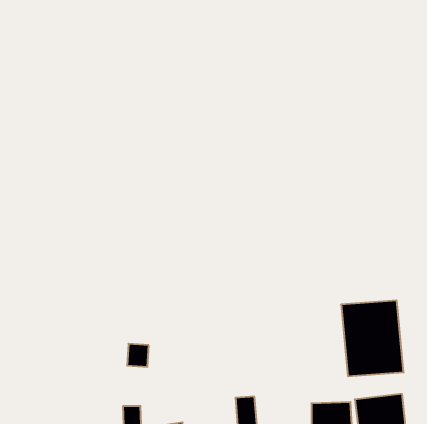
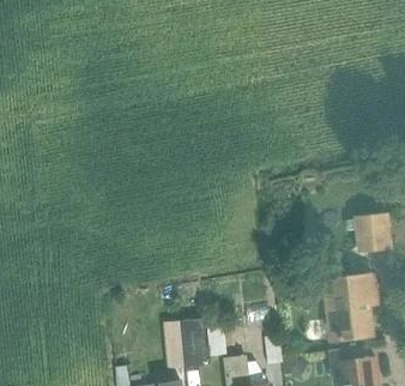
building: none -> [346,215,381,251]
building: none -> [181,319,208,367]

